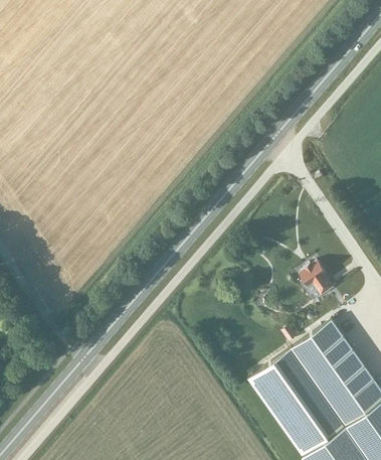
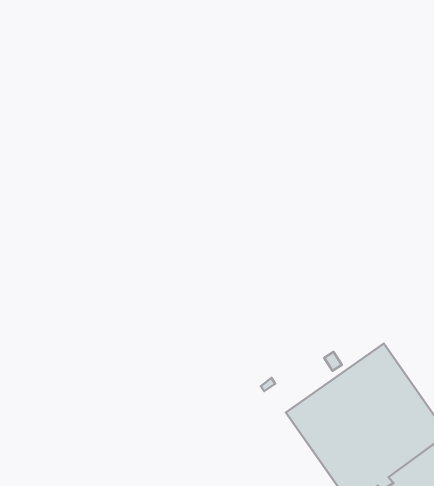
building: [300,263,335,298] -> none

